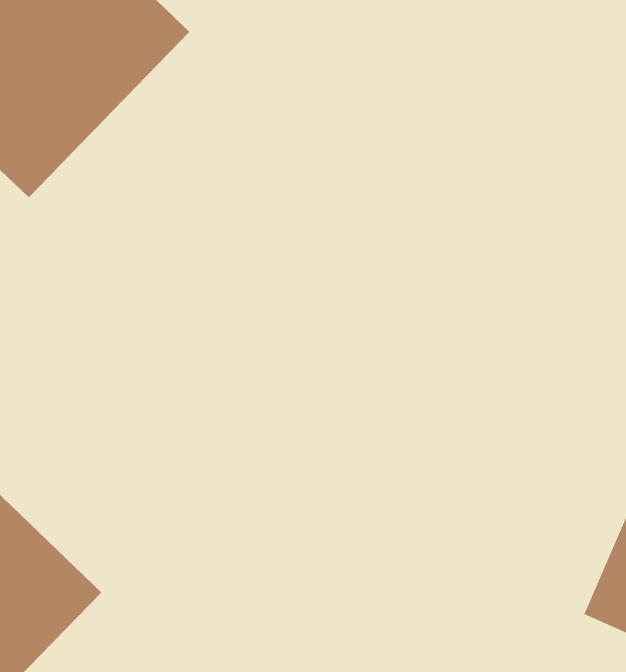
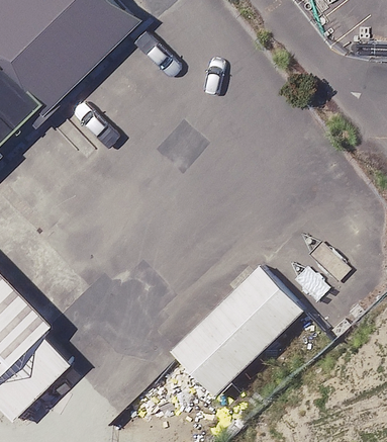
building: none -> [196,247,328,376]

